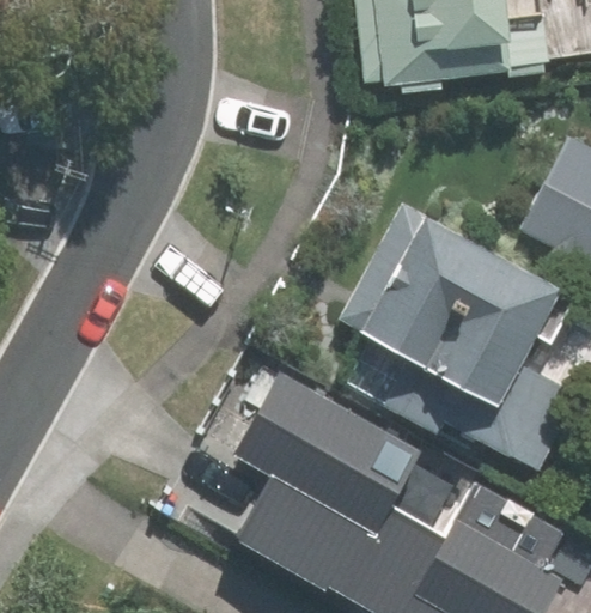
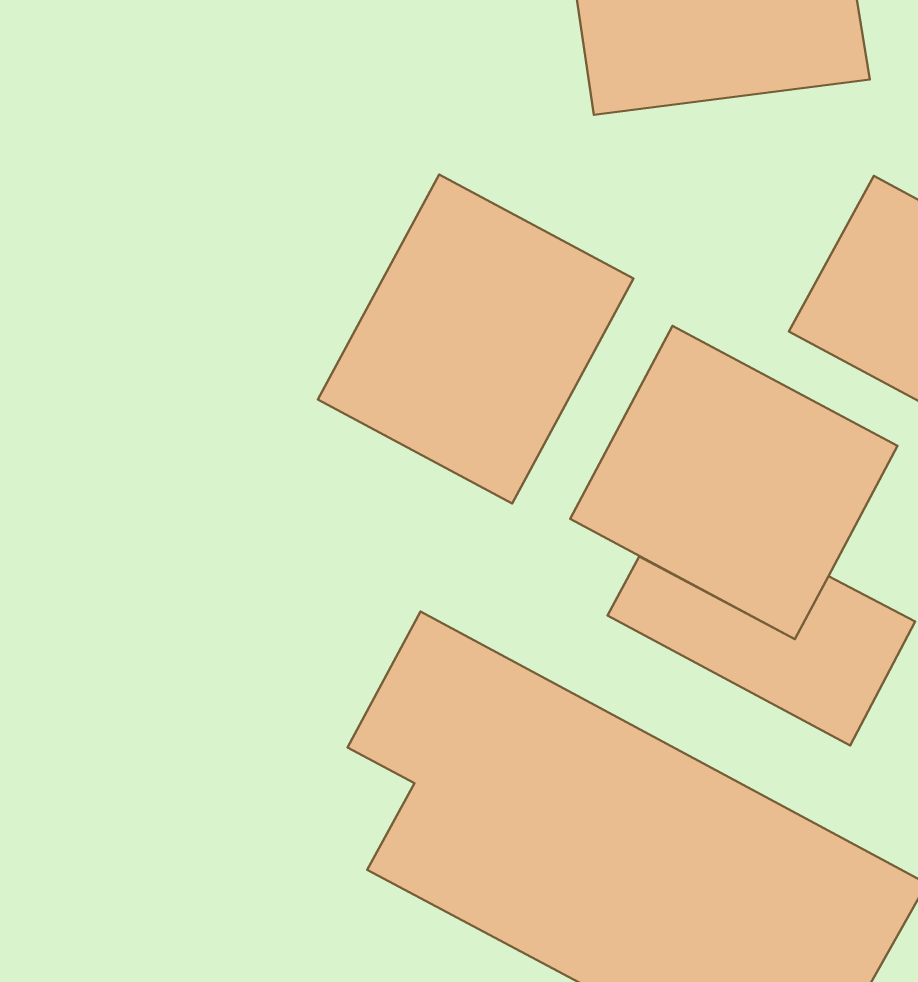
building: none -> [318,174,633,504]

